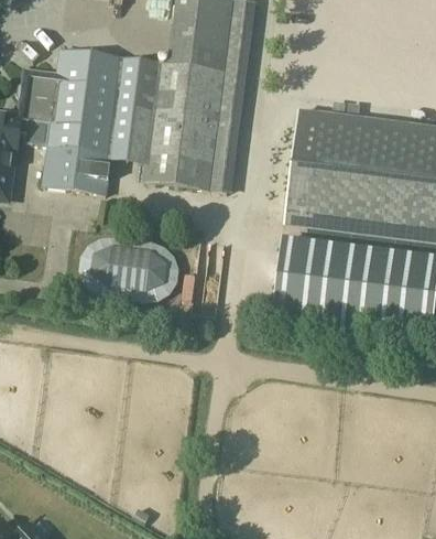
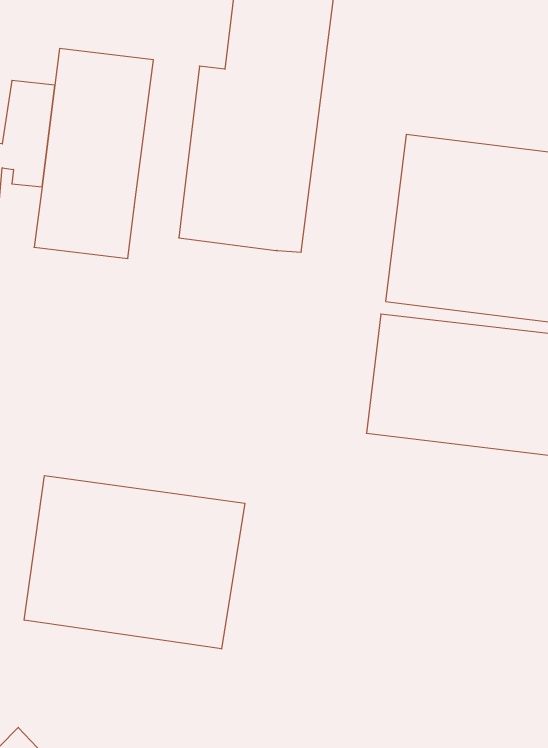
building: [111,56,156,162] -> none
building: [80,238,177,300] -> none
building: none -> [24,476,245,649]

